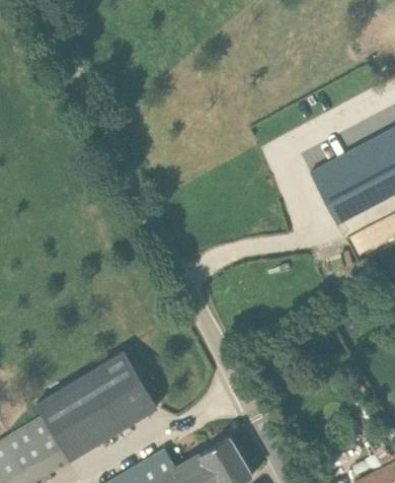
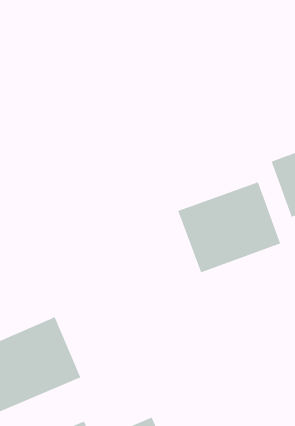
building: none -> [178,182,281,273]

